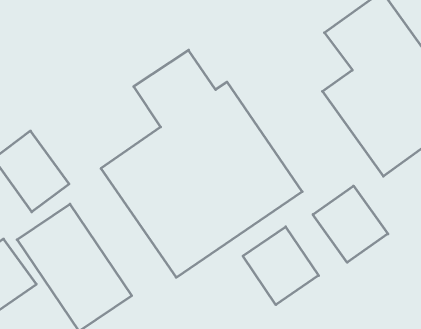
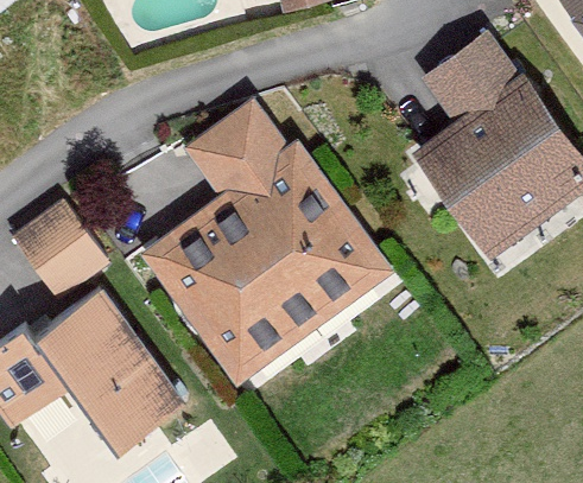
building: [313,186,388,262] -> none
building: [243,227,319,305] -> none

